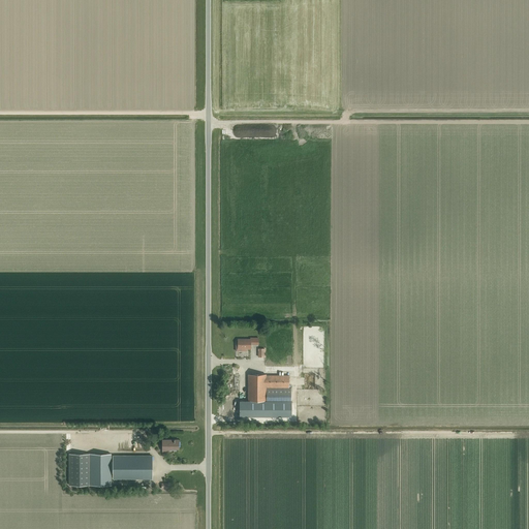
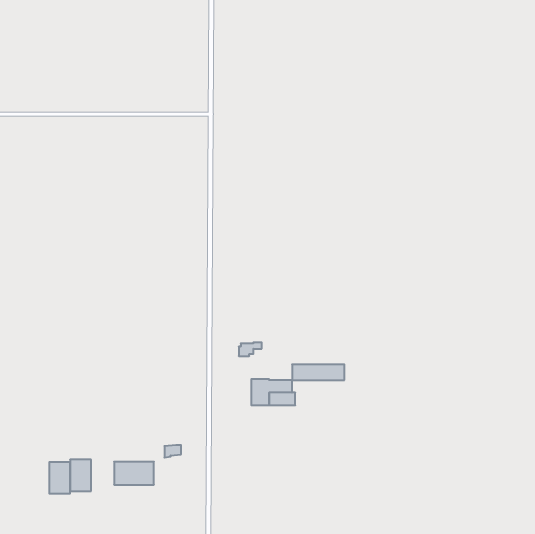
building: [238,401,289,416] -> [292,364,344,380]
building: [90,455,111,486] -> [49,462,70,494]

